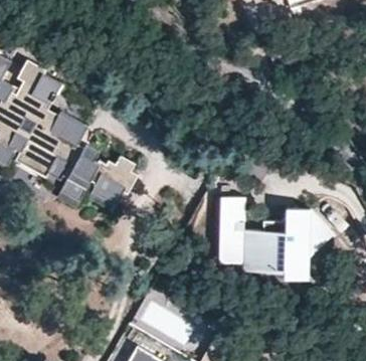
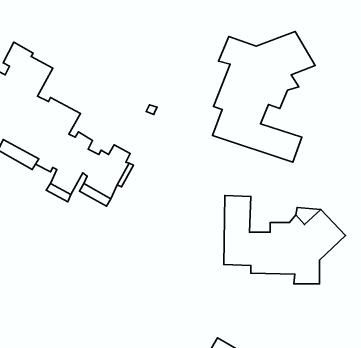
building: none -> [213,32,315,162]

